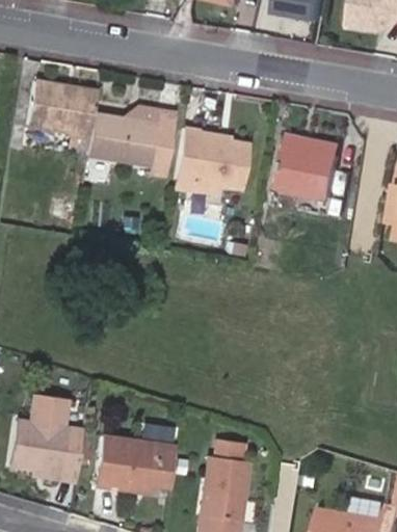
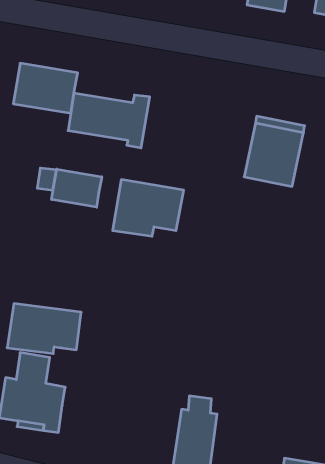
building: [175,132,252,193] -> [113,180,184,236]
building: none -> [52,169,102,207]
building: [95,436,175,490] -> [7,304,81,354]

